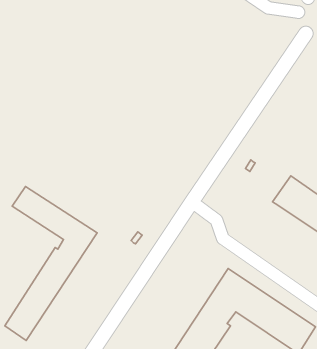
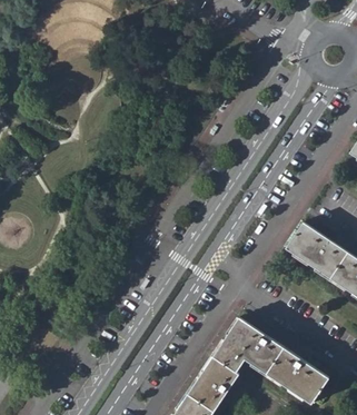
building: [5,186,97,340] -> none

